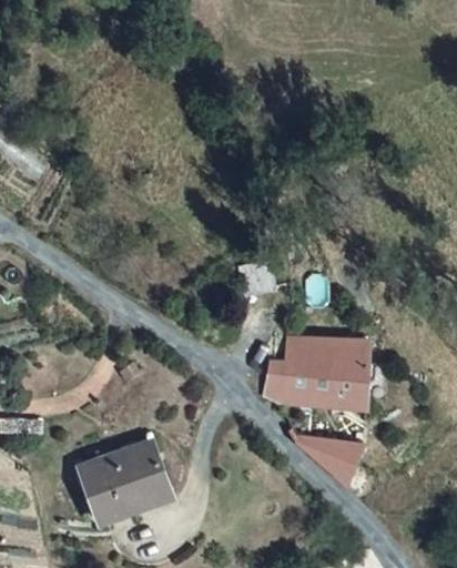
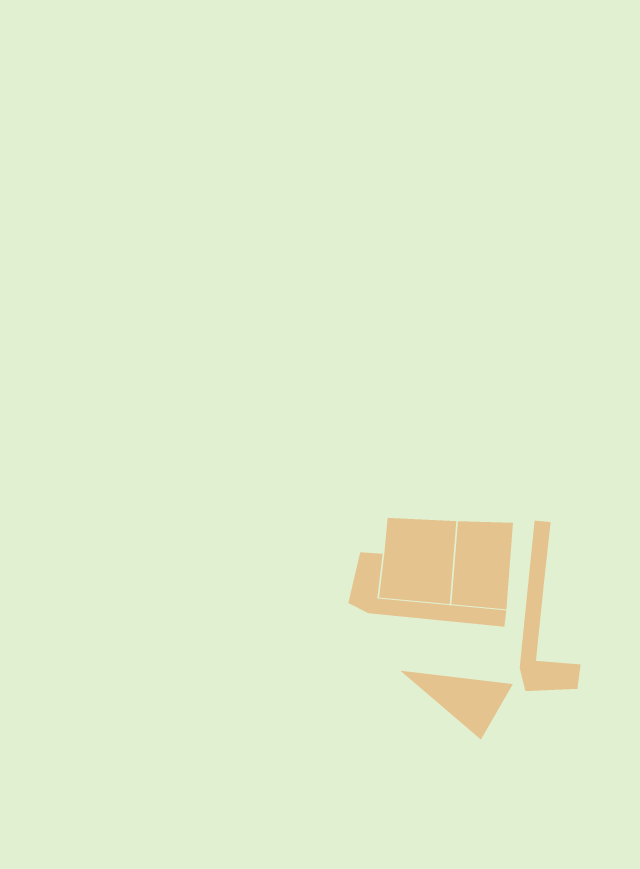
building: none -> [519,520,581,692]
building: [83,442,172,524] -> none

